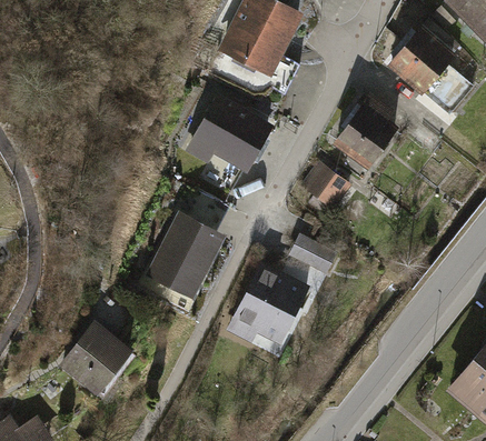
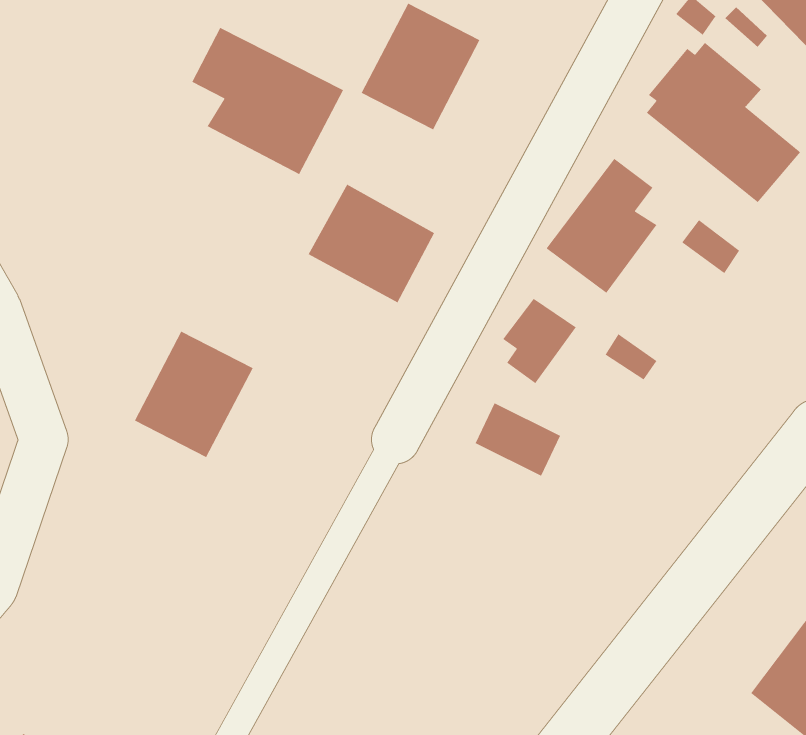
building: none -> [191,27,344,175]
building: [149,223,217,295] -> [134,330,254,458]
building: [228,258,314,343] -> none
building: [60,318,135,394] -> none

